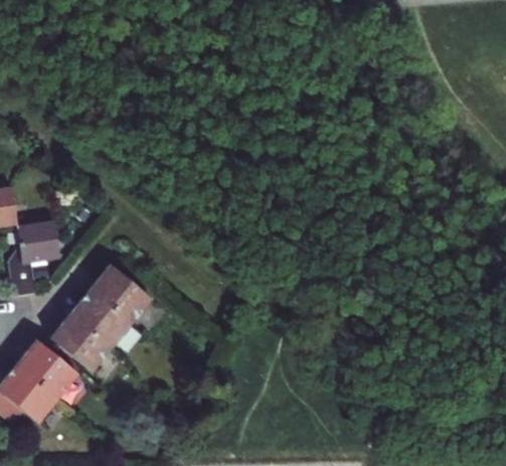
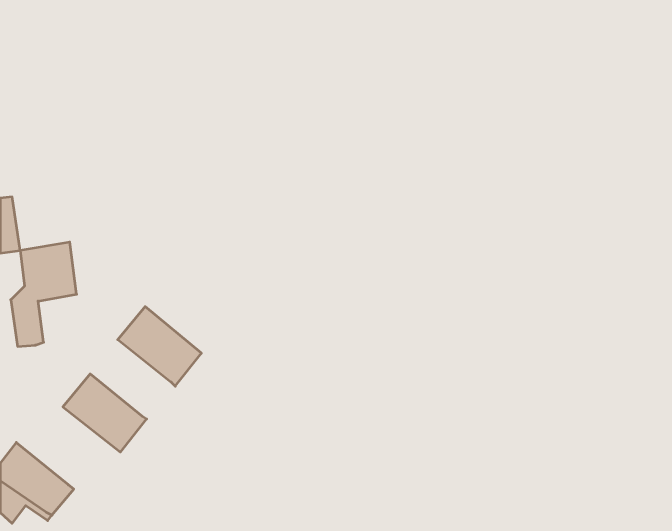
building: [69,289,132,347] -> none
building: [15,339,77,399] -> none

